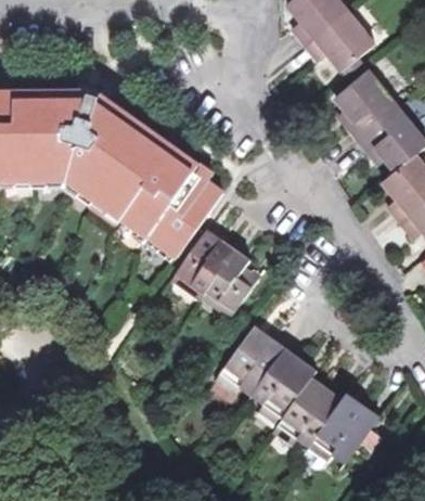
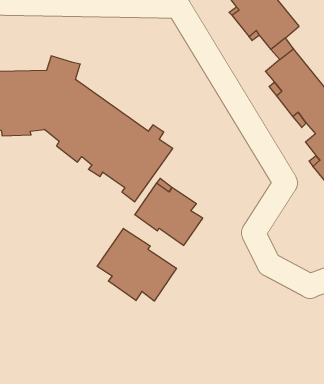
building: none -> [97,228,176,301]
building: [221,325,388,463] -> none

